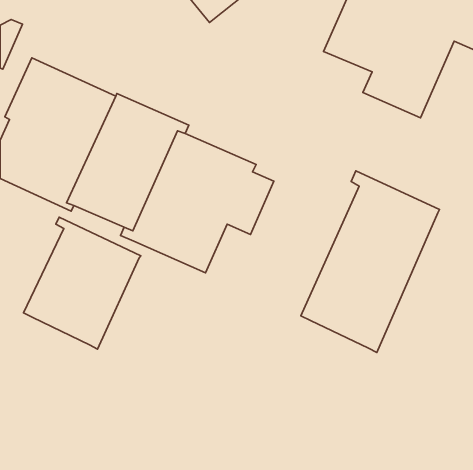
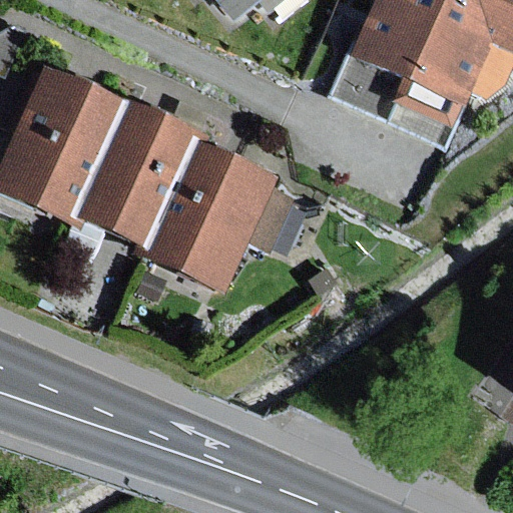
building: [301,171,440,353] -> none
building: [23,217,141,349] -> none

